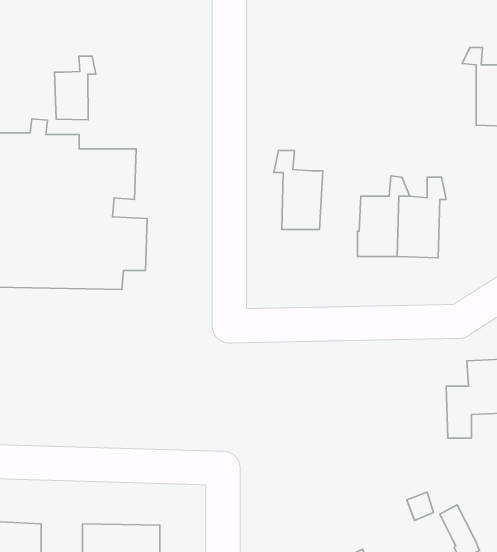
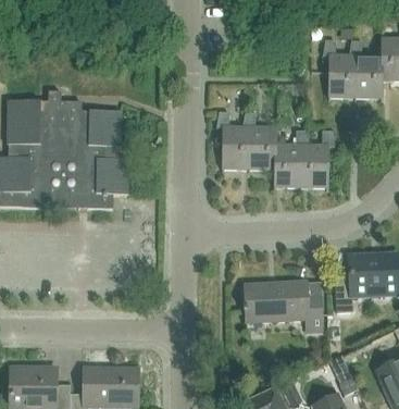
building: none -> [320,40,356,95]
building: [54,56,96,120] -> none
building: none -> [242,113,276,168]
building: none -> [240,282,323,330]

